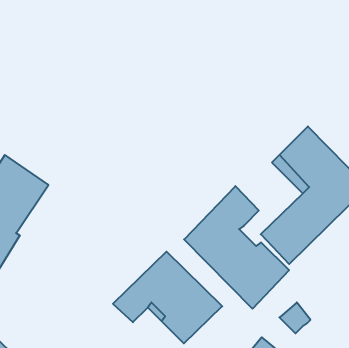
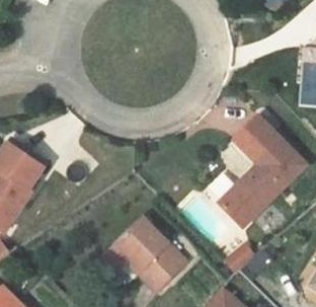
building: [184,186,289,309] -> none

